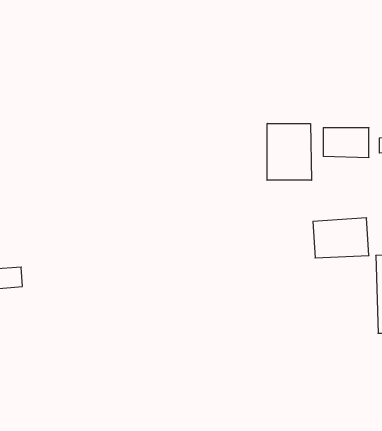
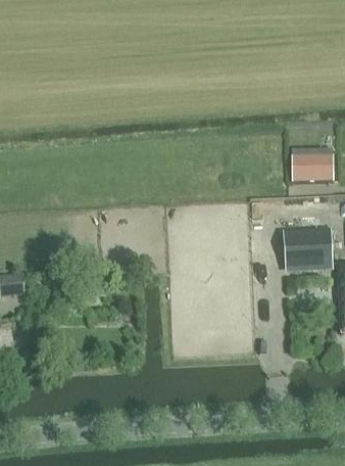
building: [267,123,312,180] -> none

